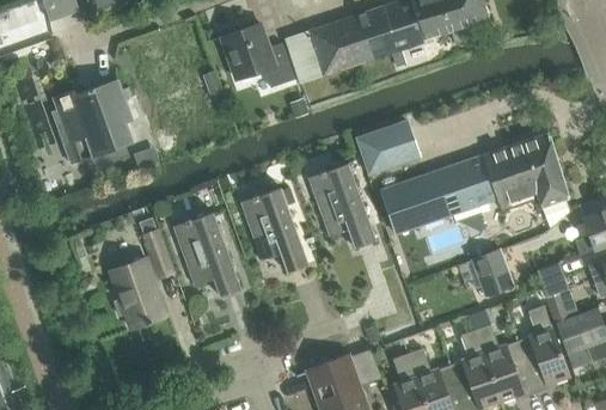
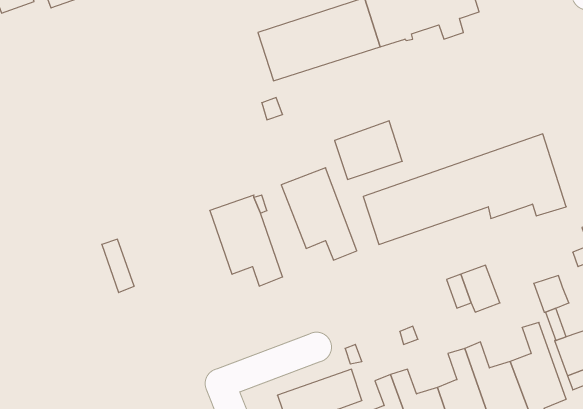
building: [222,23,294,86] -> none
building: [54,78,133,164] -> none
building: [176,214,241,295] -> none
building: [110,257,167,328] -> none

